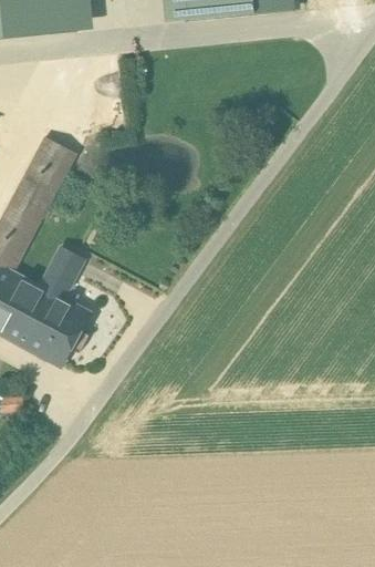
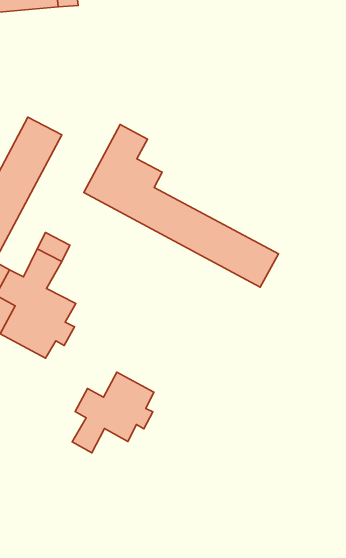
building: none -> [84,125,278,287]
building: none -> [72,372,154,453]

